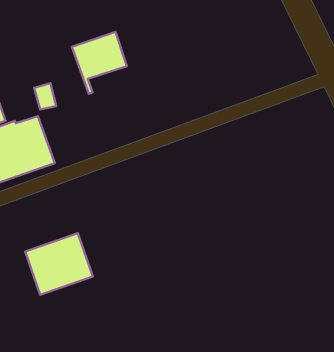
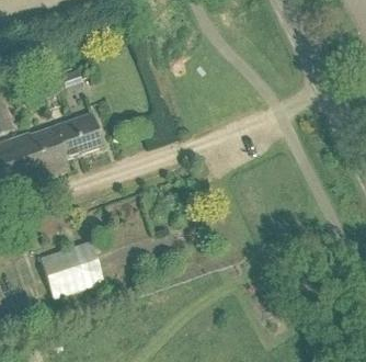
building: [72,32,127,94] -> [48,113,101,172]

